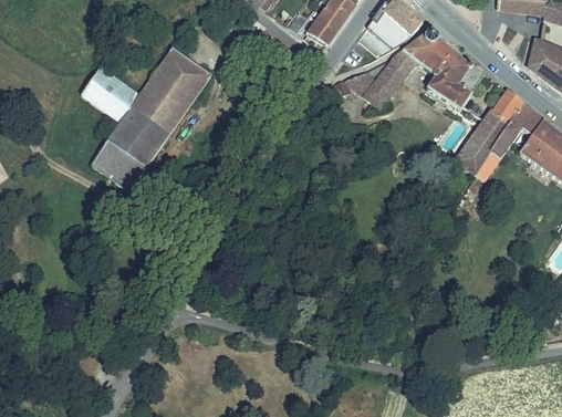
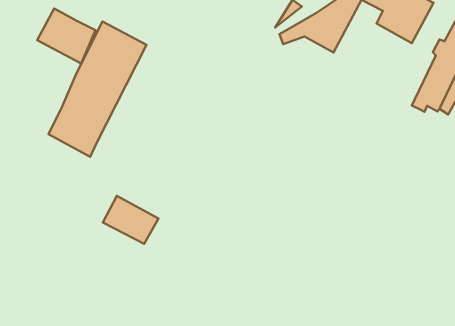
building: [82,67,138,123] -> [37,9,95,64]
building: [87,147,140,196] -> [103,196,158,244]

